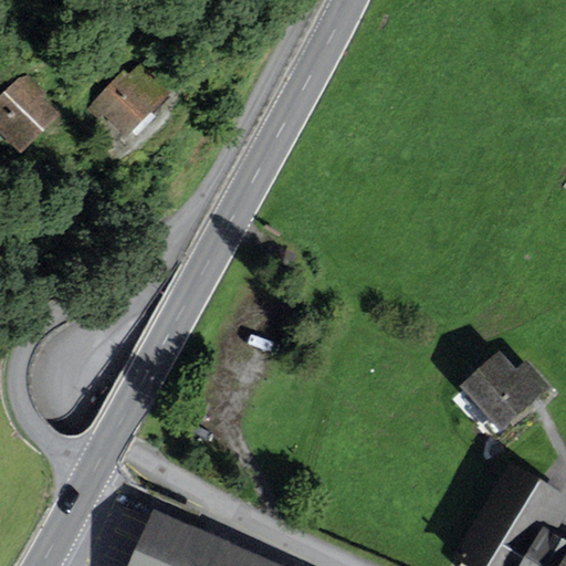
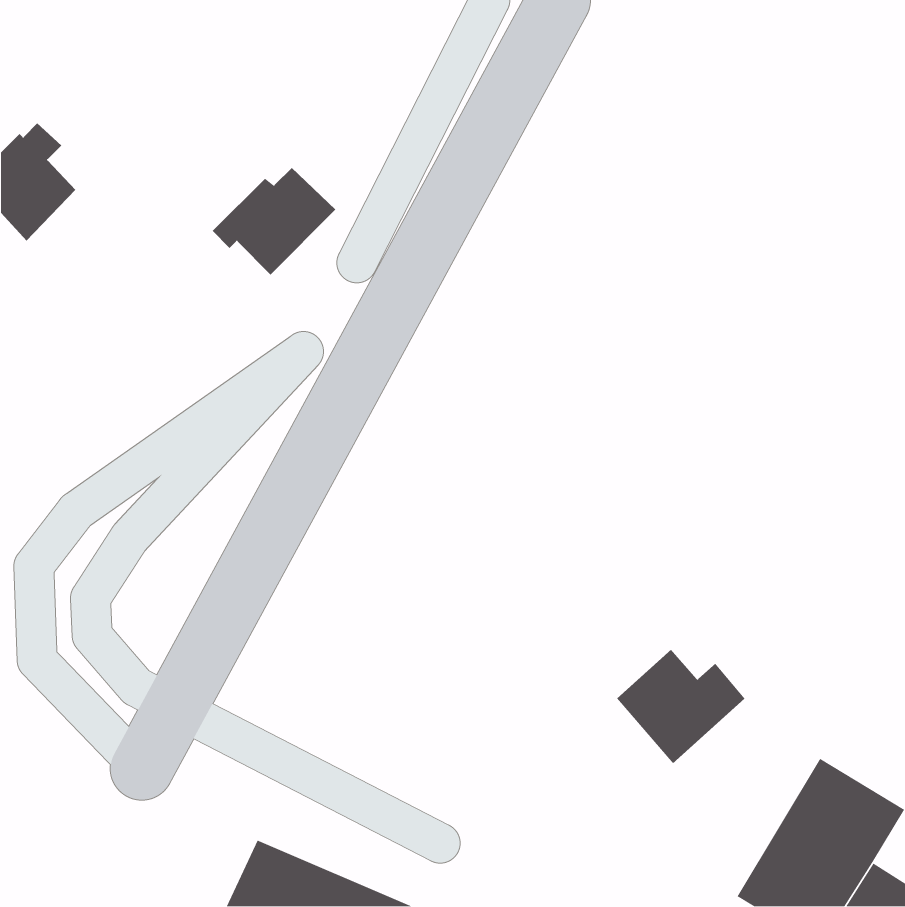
building: [87,66,165,134] -> [212,167,336,275]
building: [465,358,546,430] -> [616,649,746,764]

